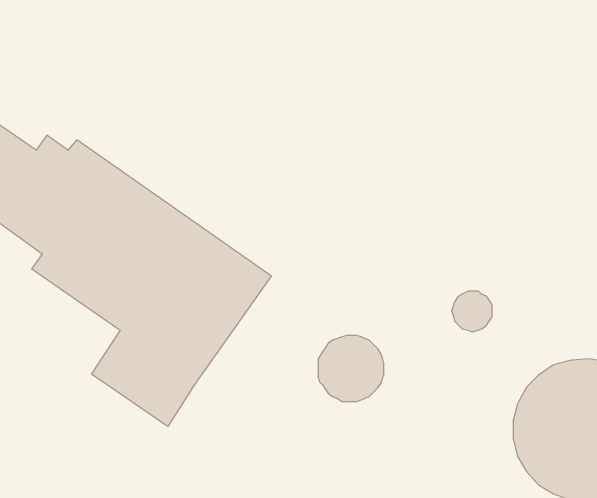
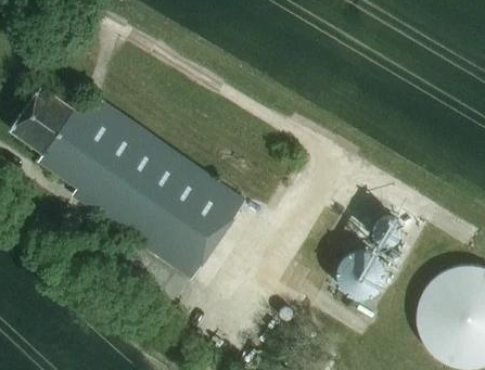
building: [318,335,384,401] -> [341,247,388,295]

